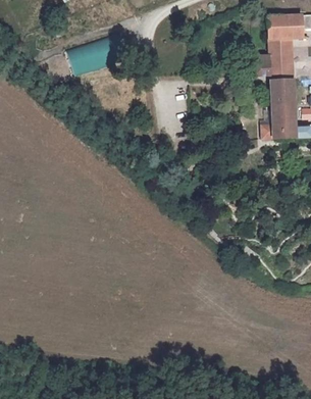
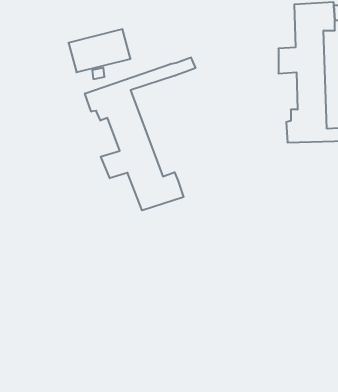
building: none -> [85,57,195,210]

